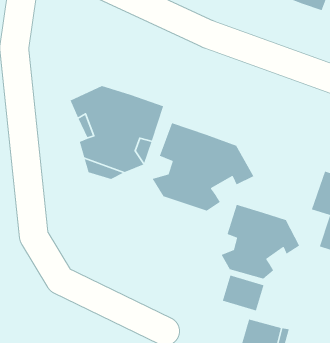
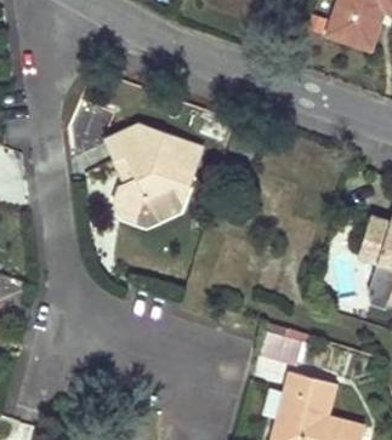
building: [151,122,254,211] -> none
building: [220,204,300,280] -> none

